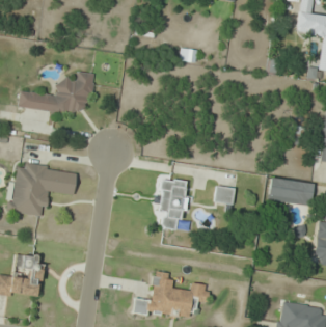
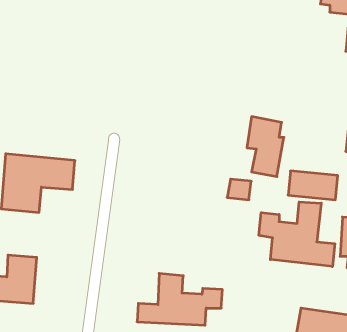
building: [18,72,92,116] -> none
building: [155,178,188,231] -> [247,117,284,177]
building: none -> [259,202,335,267]

